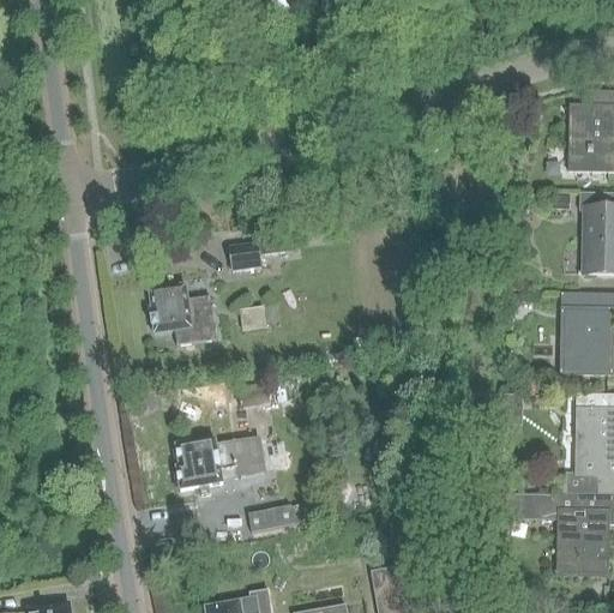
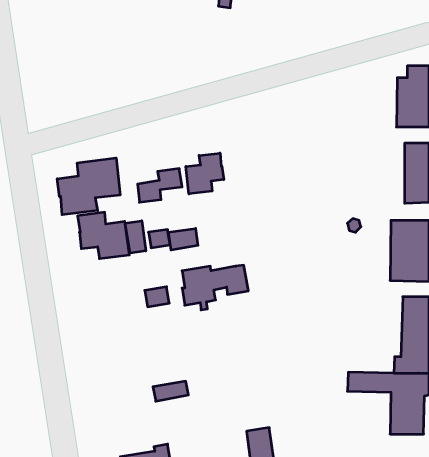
building: none -> [186,153,224,194]
building: none -> [57,158,120,215]
building: none -> [125,221,146,253]
building: none -> [168,228,198,250]
building: [177,437,265,495] -> [182,265,248,310]

